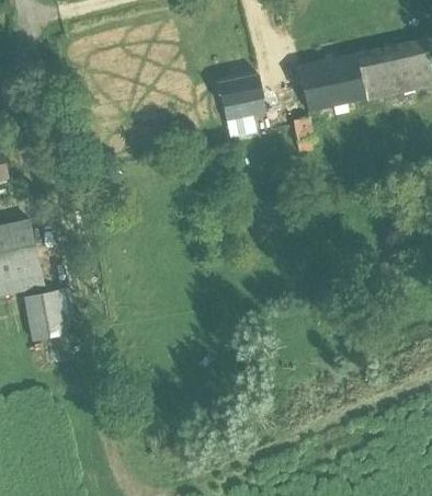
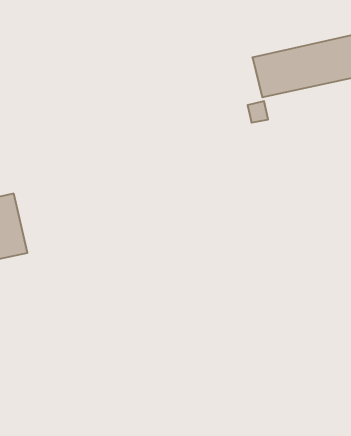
building: [218,76,265,139] -> none
building: [23,290,67,341] -> none

